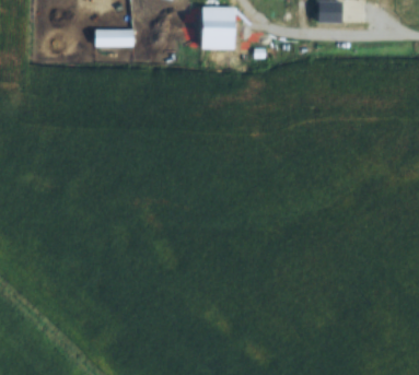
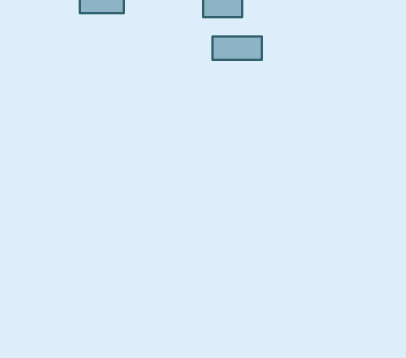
building: none -> [212,36,262,60]

